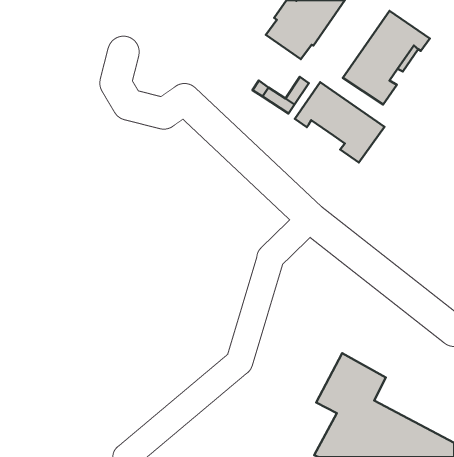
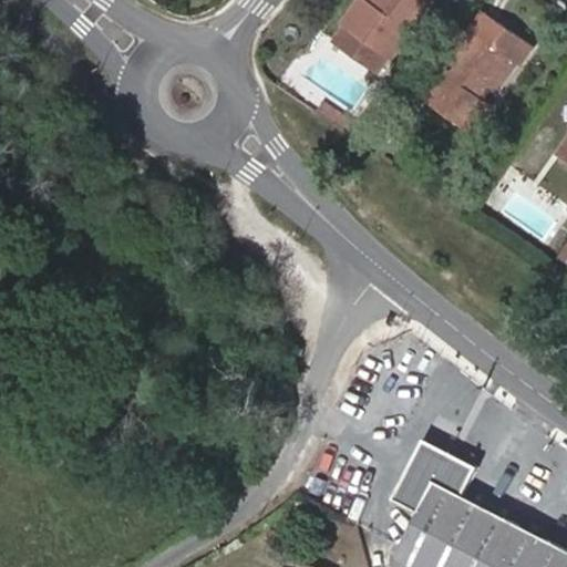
building: [295,82,385,163] -> none

